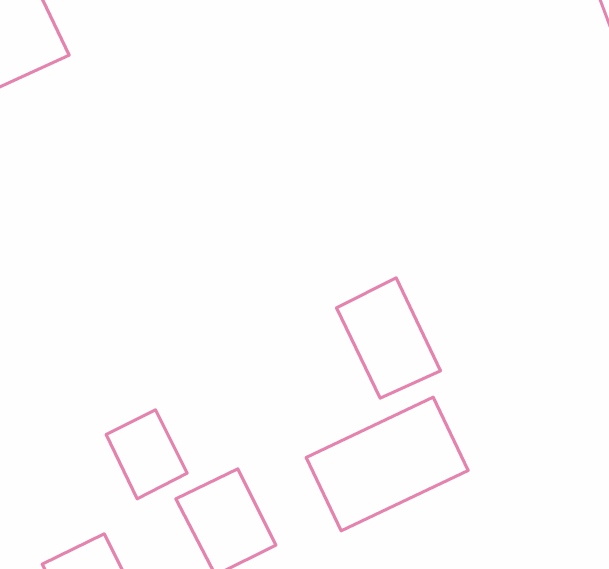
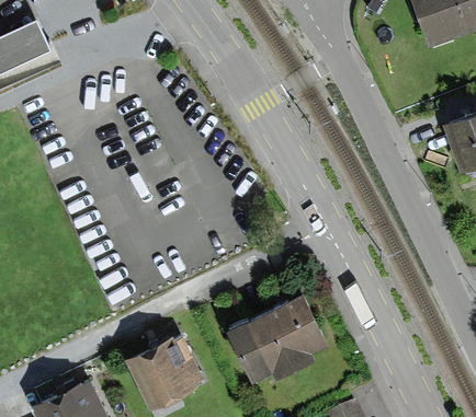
building: [336,278,440,398] -> none
building: [106,410,187,499] -> none

